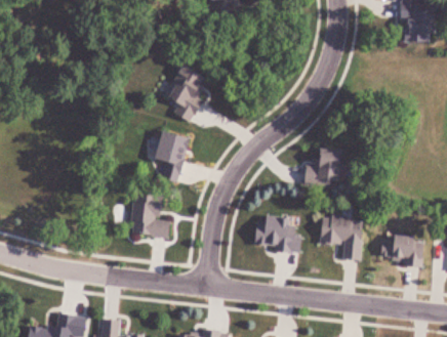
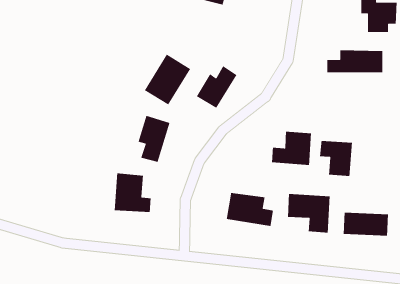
building: none -> [326,50,383,73]
building: none -> [196,65,238,109]
building: none -> [319,140,353,177]

